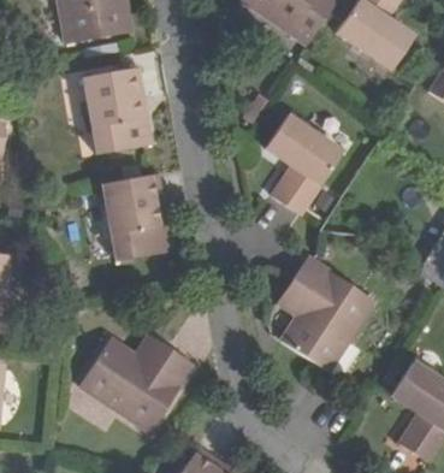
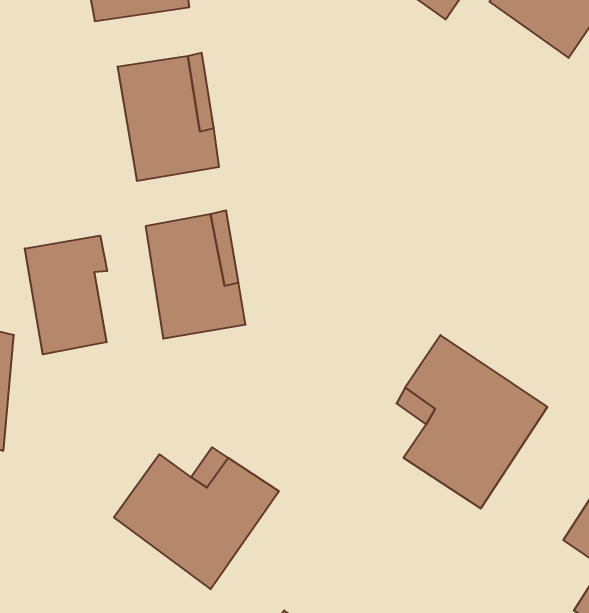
building: [266,112,343,211] -> none
building: none -> [25,236,107,354]

